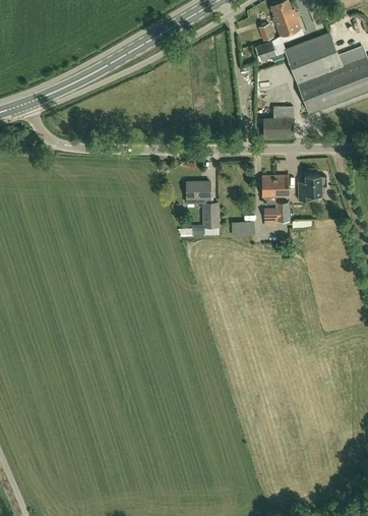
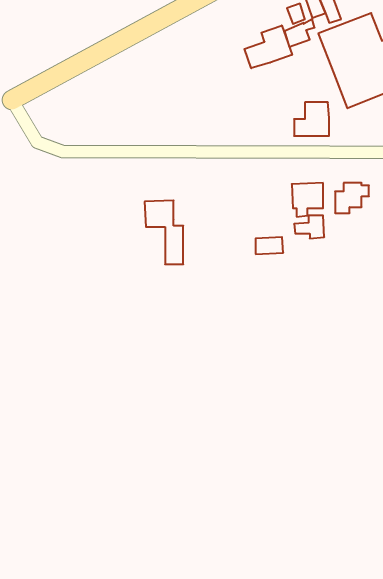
building: none -> [244,25,292,68]
building: [185,181,218,235] -> [145,200,183,264]

